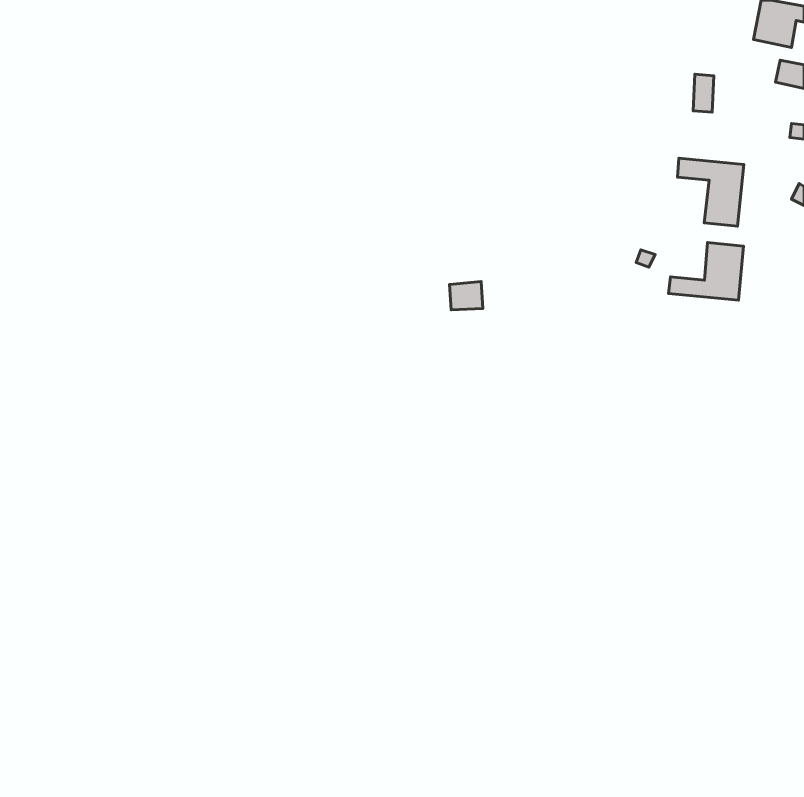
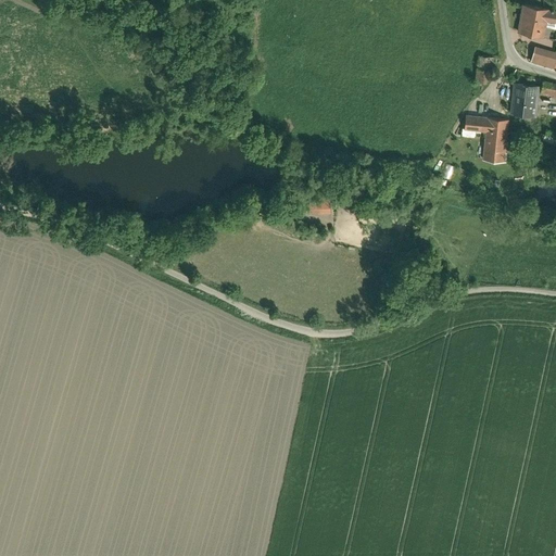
building: none -> [511,85,536,116]
building: [669,243,743,300] -> none

